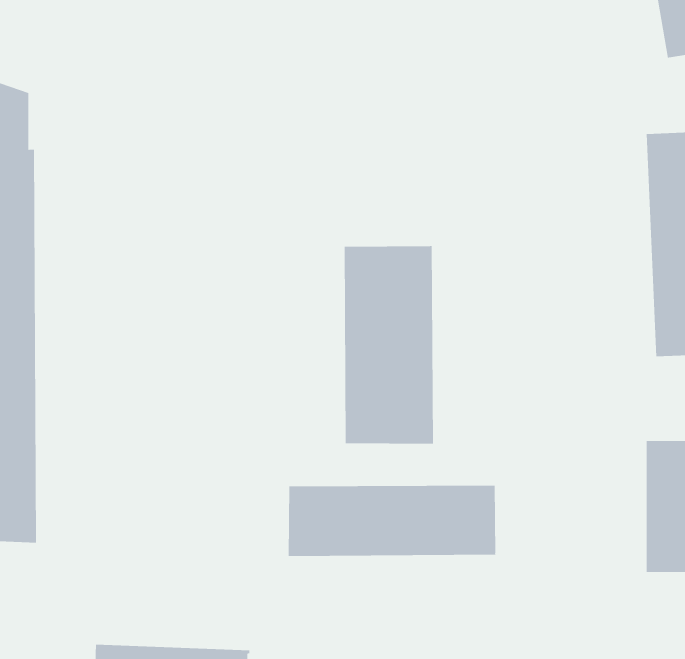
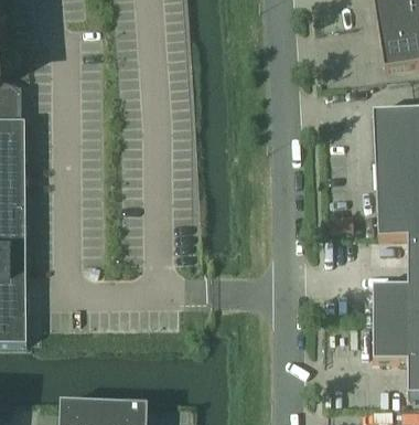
building: [344,245,433,444] -> none
building: [288,485,496,557] -> none

